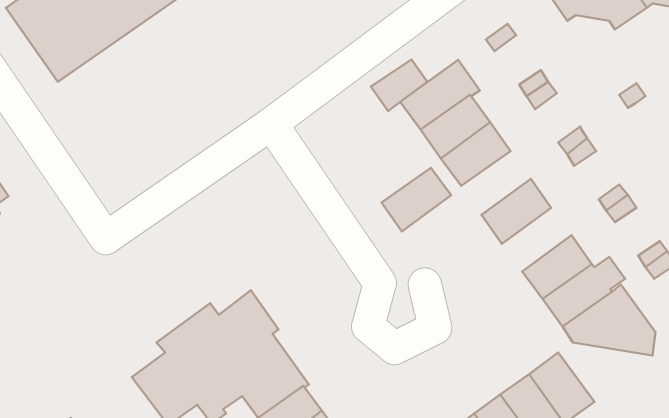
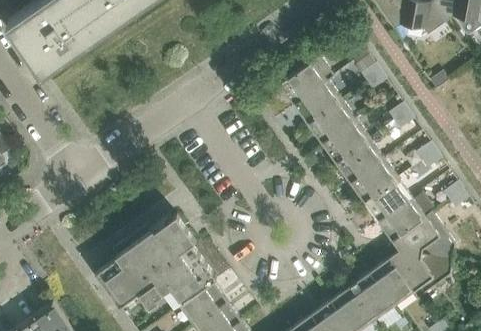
building: [371,59,427,111] -> none
building: [382,168,451,232] -> [322,120,370,164]
building: none -> [350,159,398,203]
building: none -> [389,252,454,299]

